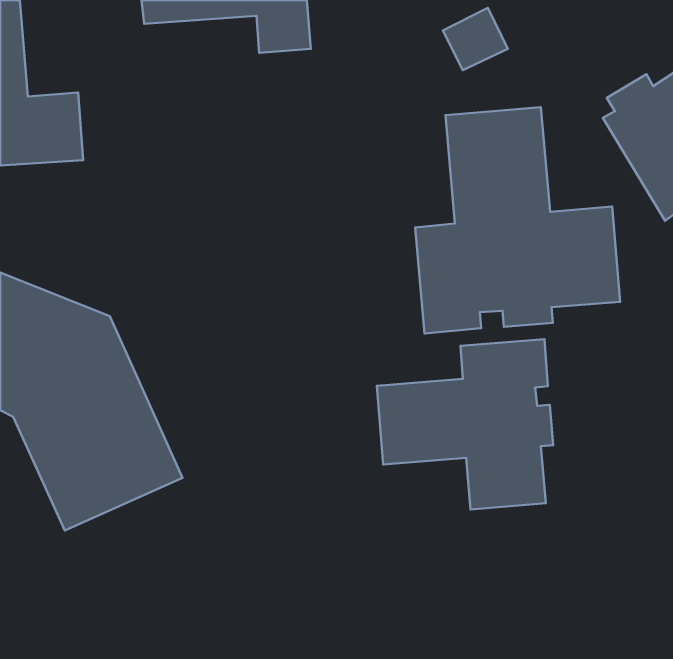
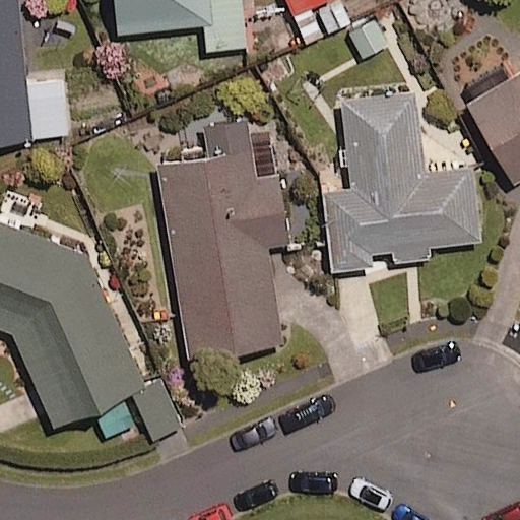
building: none -> [158,120,286,354]
building: [377,339,553,509] -> none

